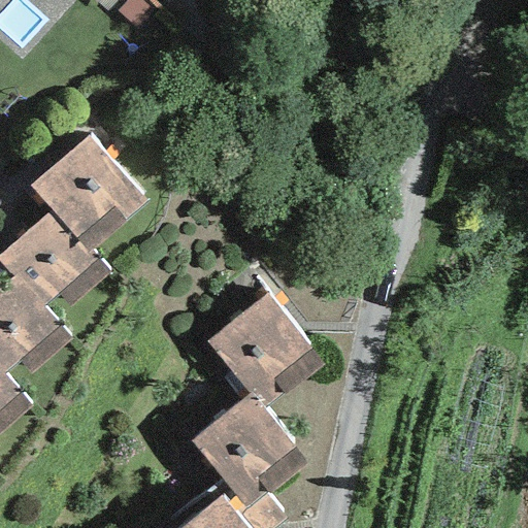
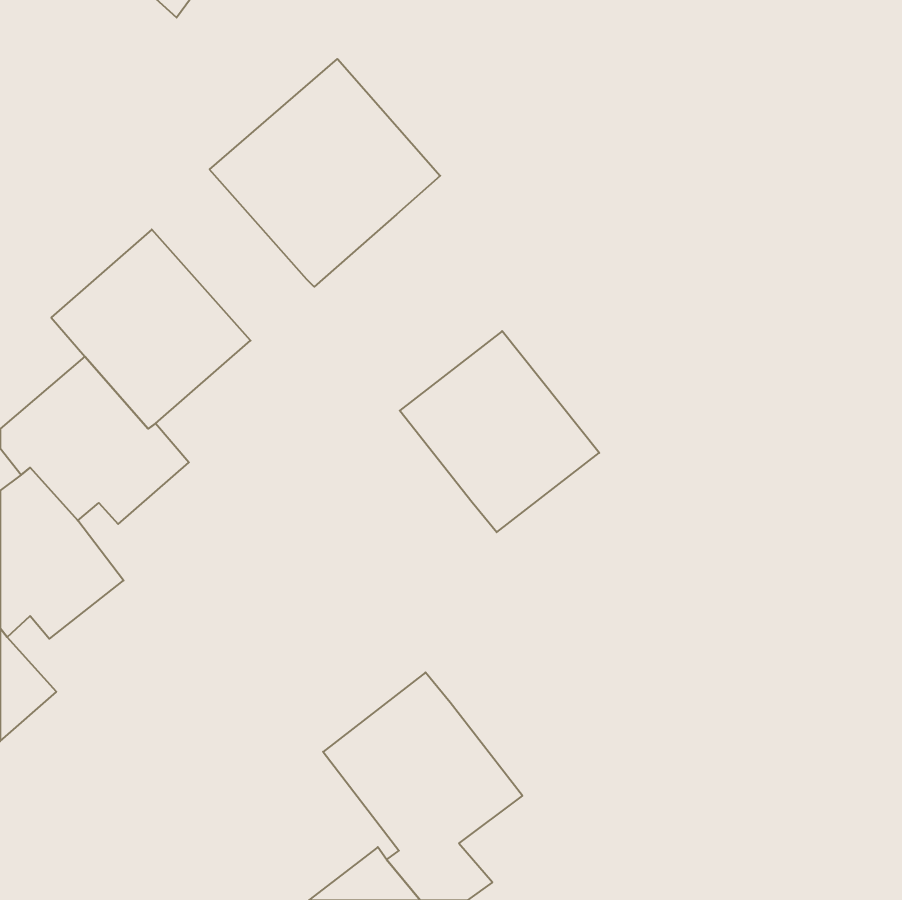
building: none -> [210,59,440,287]
building: [206,293,323,410] -> [400,331,599,532]

